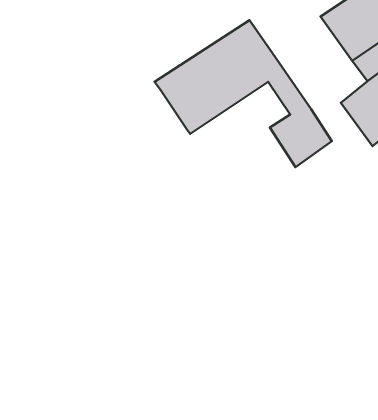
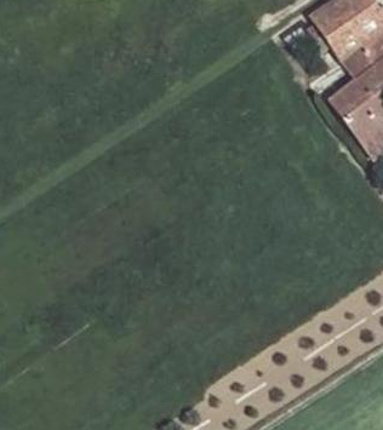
building: [154,20,332,167] -> none

